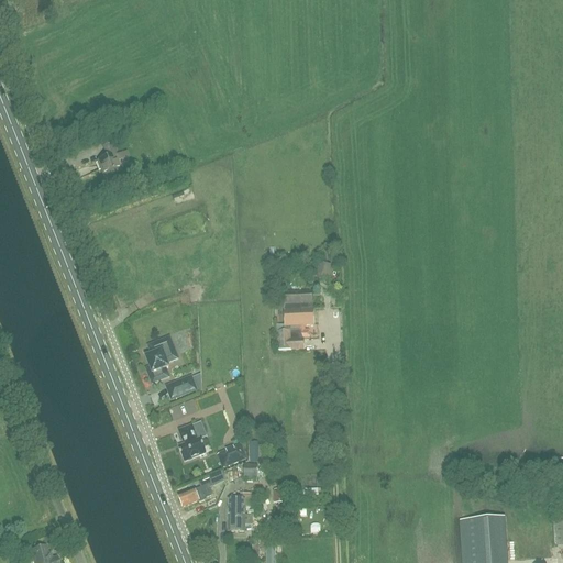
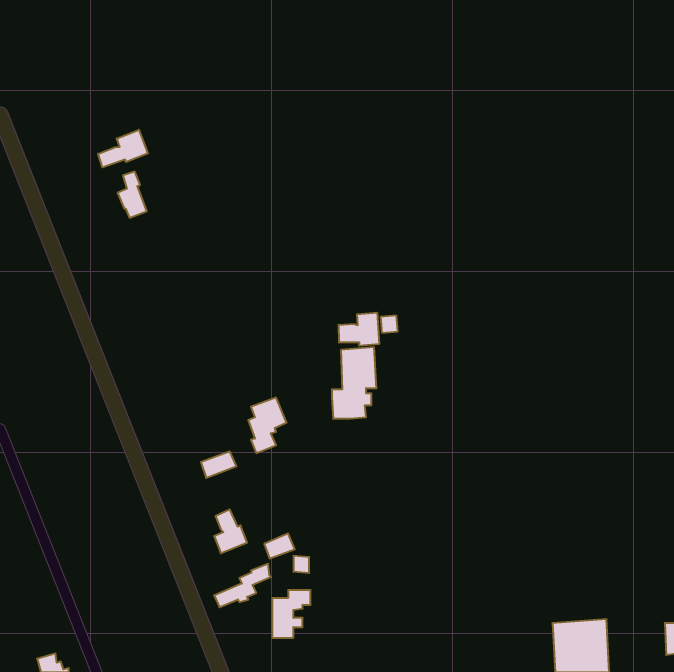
building: none -> [98,130,148,167]
building: none -> [339,313,379,346]
building: [147,336,179,383] -> [248,398,287,453]

